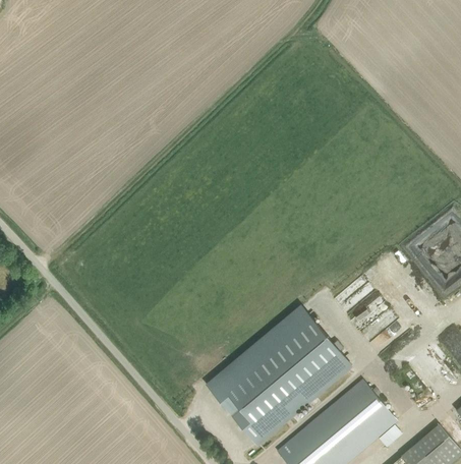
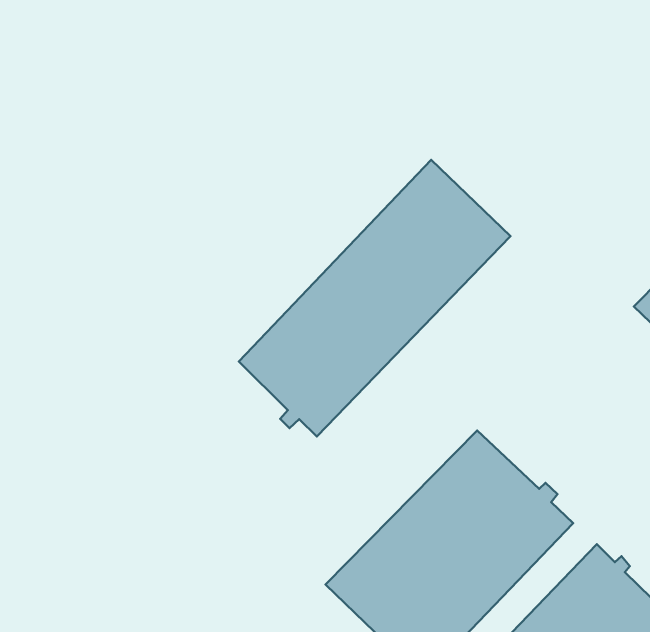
building: none -> [239,160,510,436]

